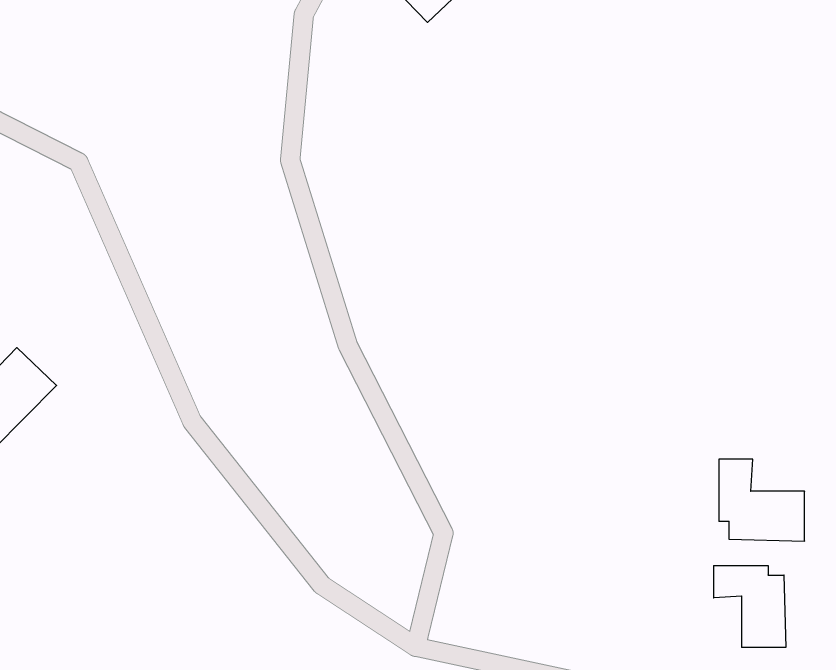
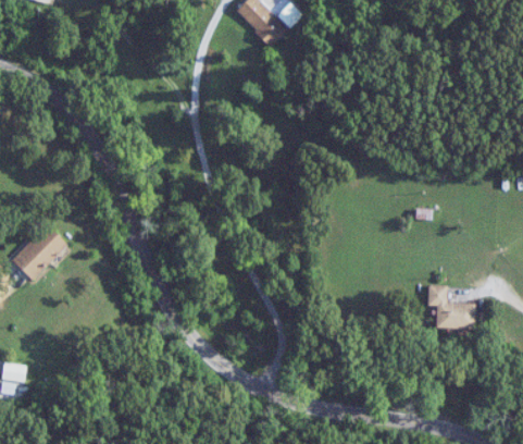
building: [714,566,786,647] -> none

